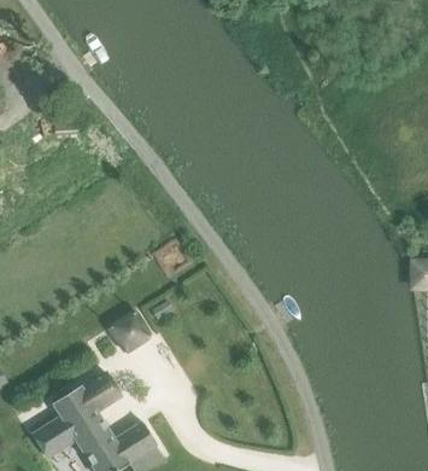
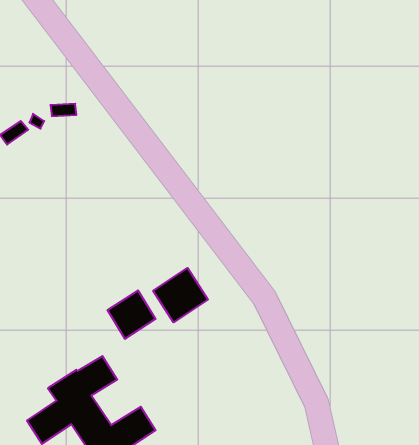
building: none -> [153,268,208,322]

